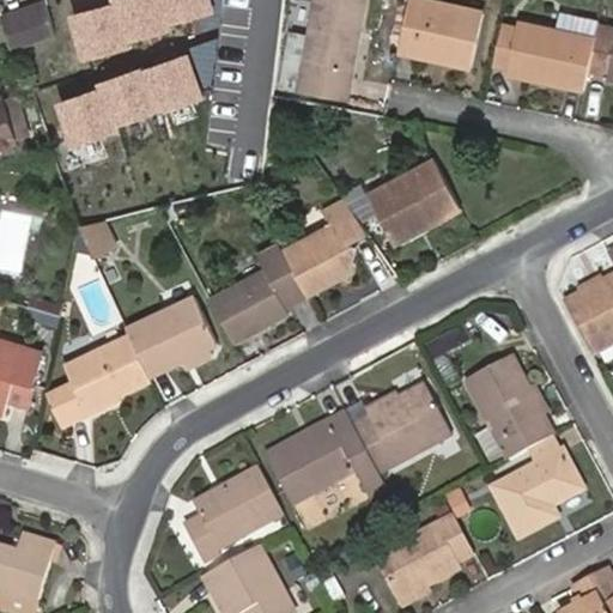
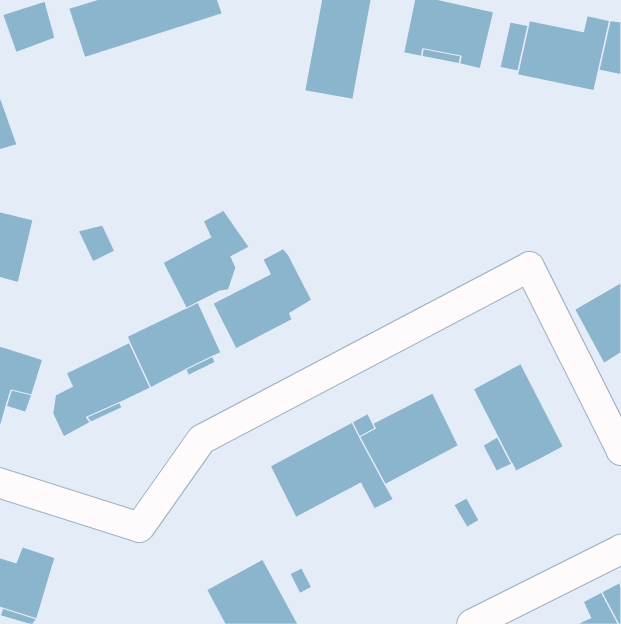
building: [53,47,206,150] -> none
building: [366,158,460,243] -> none
building: [283,198,368,293] -> [163,210,250,308]
building: [492,437,579,535] -> none
building: [183,468,281,558] -> none
building: [374,515,474,602] -> none

